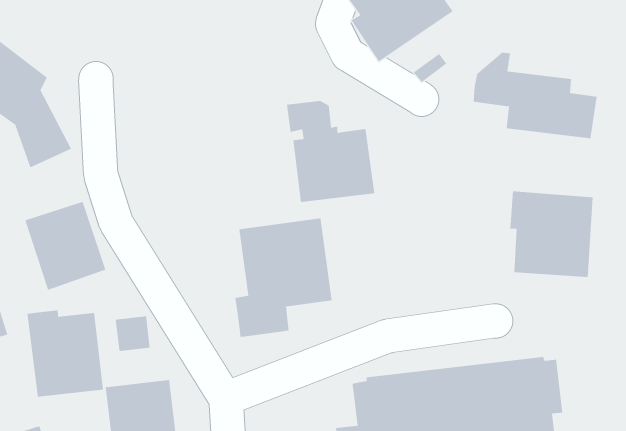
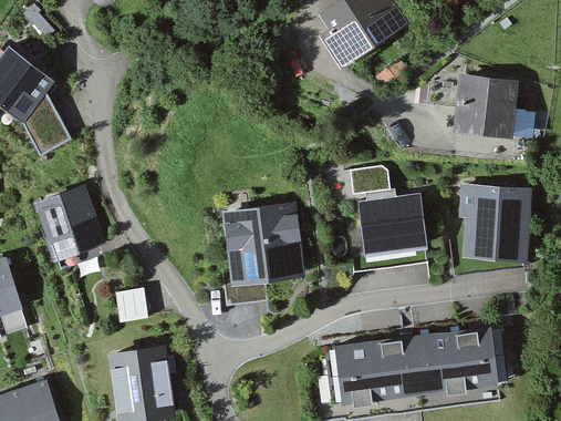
building: [286,101,375,202] -> [350,166,427,255]
building: [27,310,104,398] -> none

